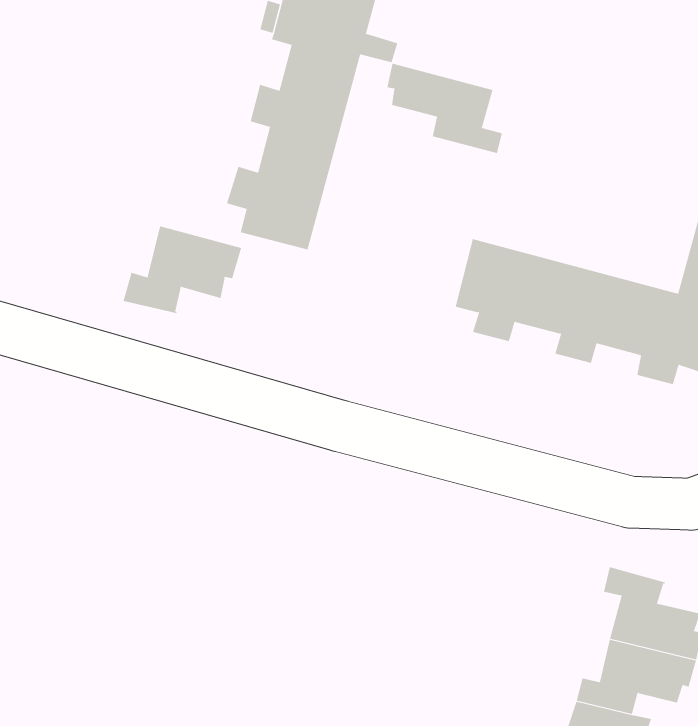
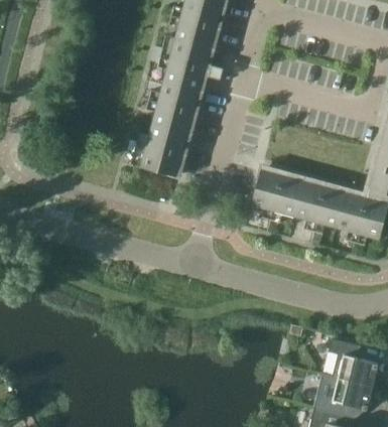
building: [387,63,502,154] -> none
building: [123,226,242,314] -> none

